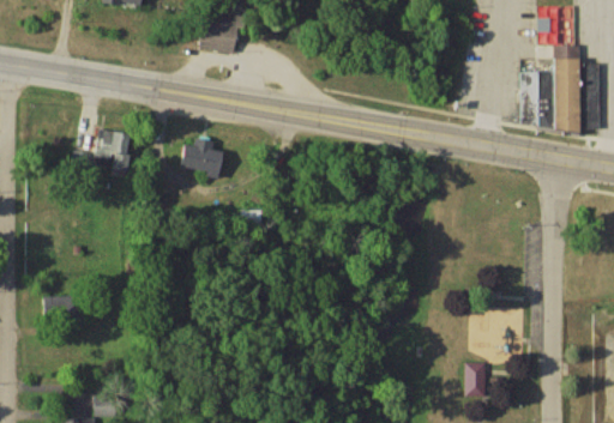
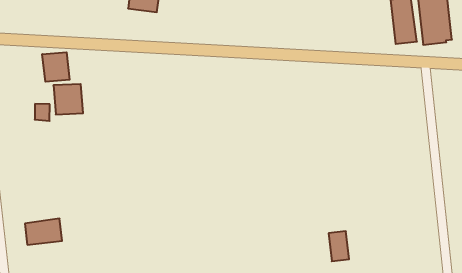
building: none -> [42,52,70,82]
building: [180,138,224,177] -> none
building: [465,362,487,397] -> [329,231,349,261]

